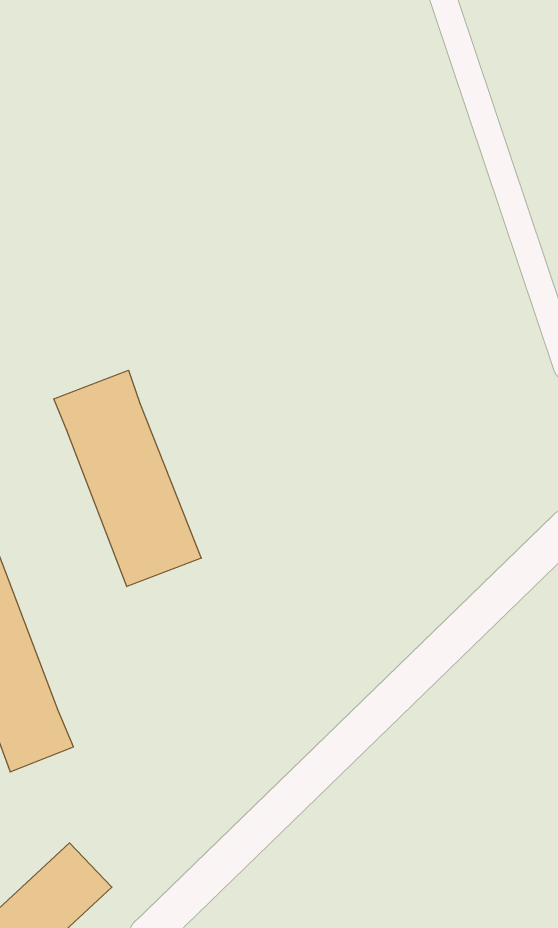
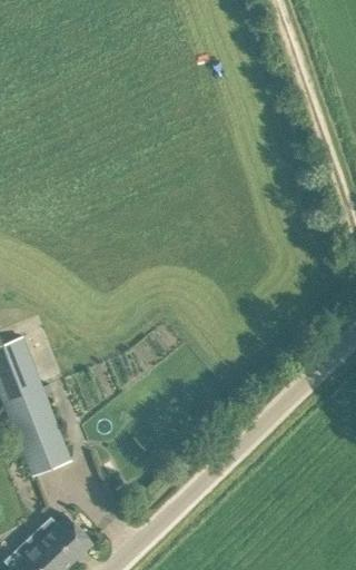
building: [54,370,201,587] -> none

